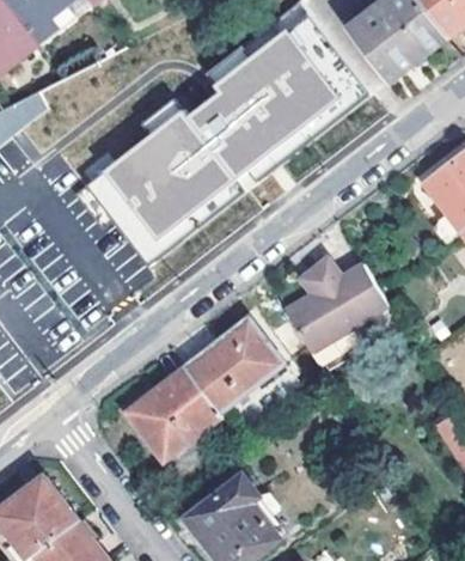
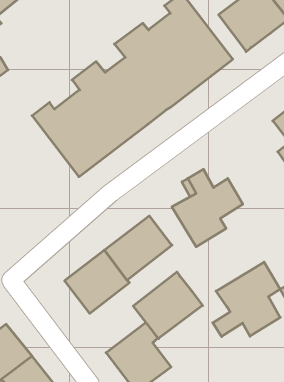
building: none -> [213,262,280,337]
building: none -> [133,272,203,339]

